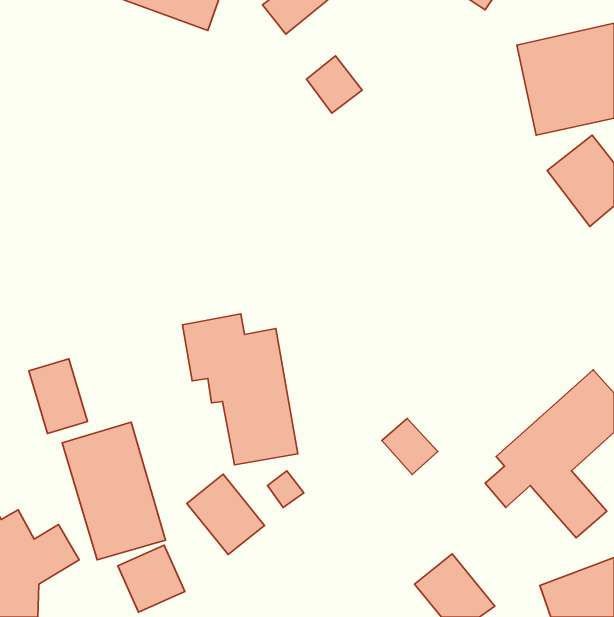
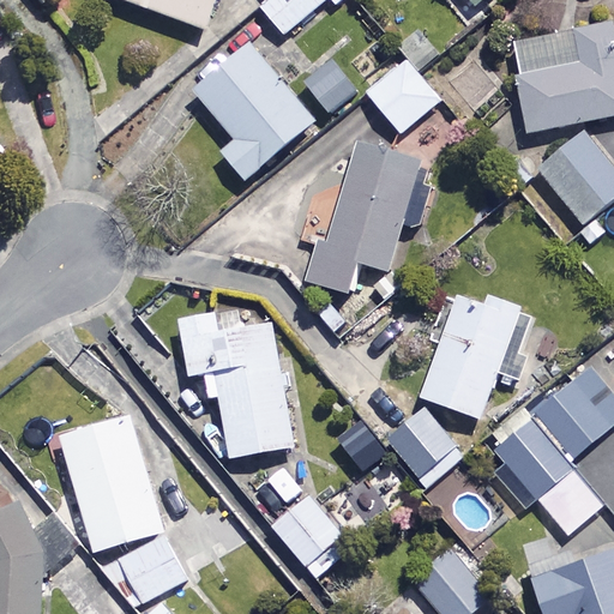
building: none -> [193,43,314,180]
building: none -> [367,60,439,132]
building: none -> [308,143,431,295]
building: none -> [421,291,520,419]
building: [29,359,88,434] -> none
building: [187,474,265,555] -> [271,495,348,574]

